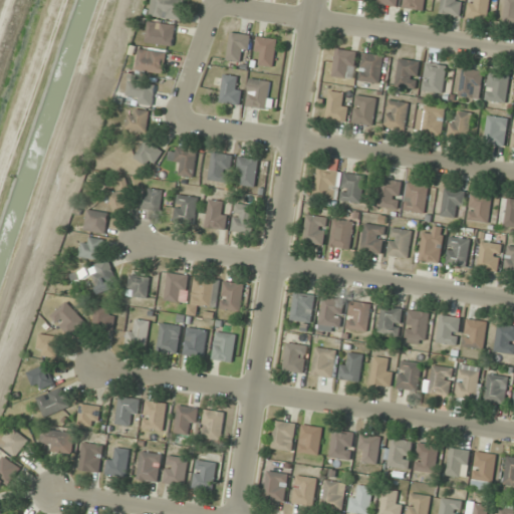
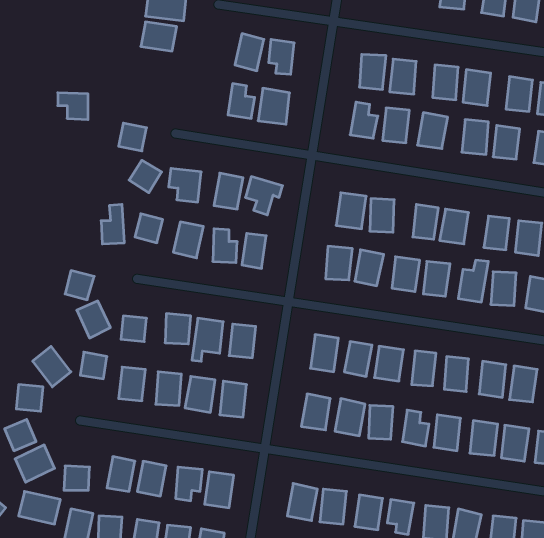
building: [136,47,165,74] -> none
building: [126,82,153,105] -> [58,93,88,120]
building: [83,211,106,233] -> none

